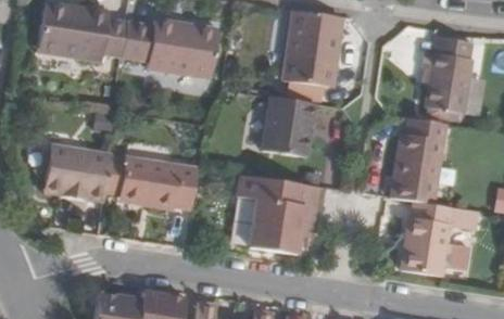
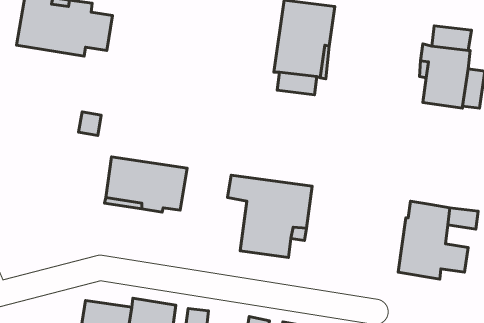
building: [122,15,219,75] -> none
building: [263,93,315,154] -> none
building: [391,114,445,201] -> none
building: [43,144,113,201] -> none

